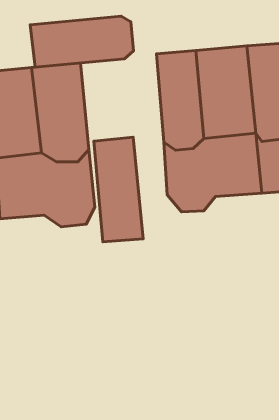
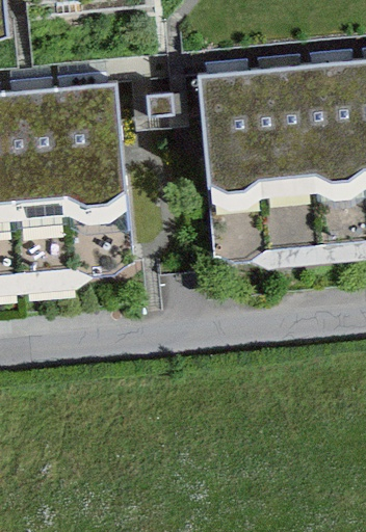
building: [30,16,133,67] -> none
building: [94,137,143,242] -> none

